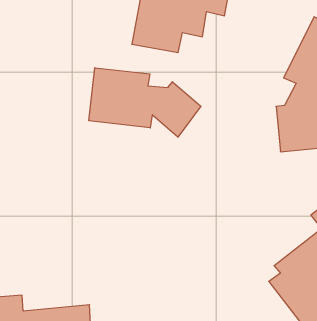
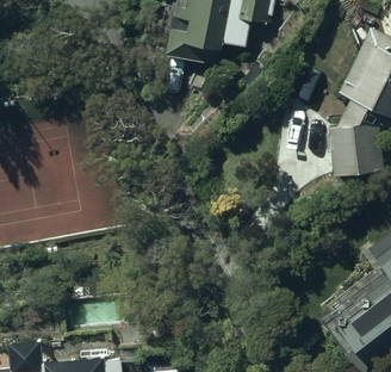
building: [89,68,201,137] -> none

